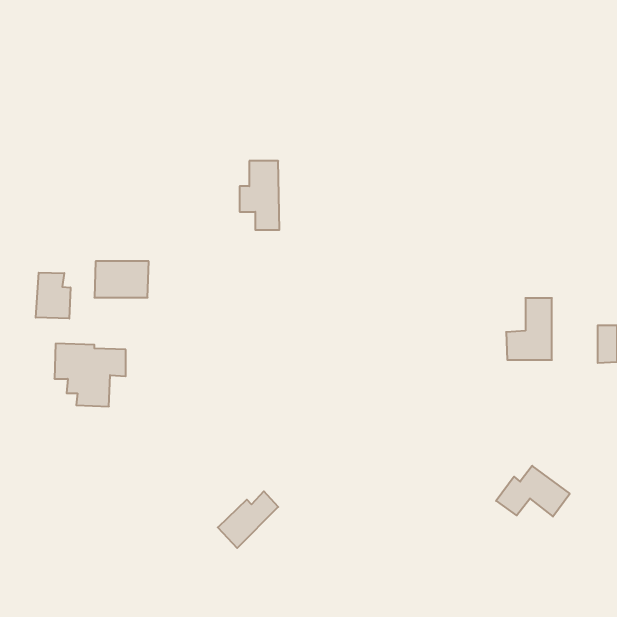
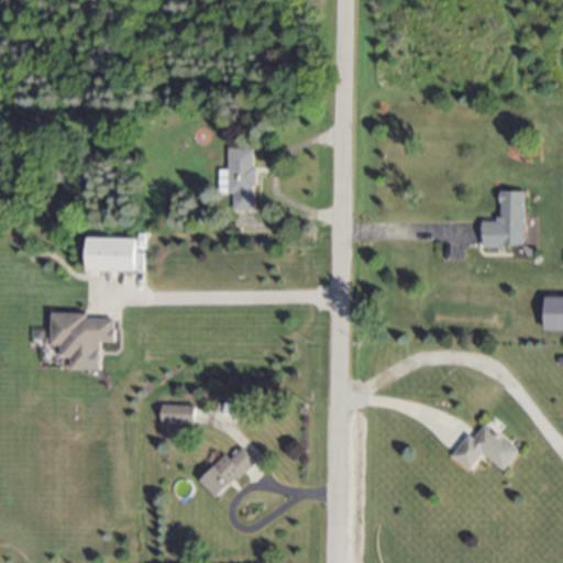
building: [36,273,70,319] -> none
building: [506,298,552,360] -> [481,190,522,246]
building: none -> [159,404,192,439]

